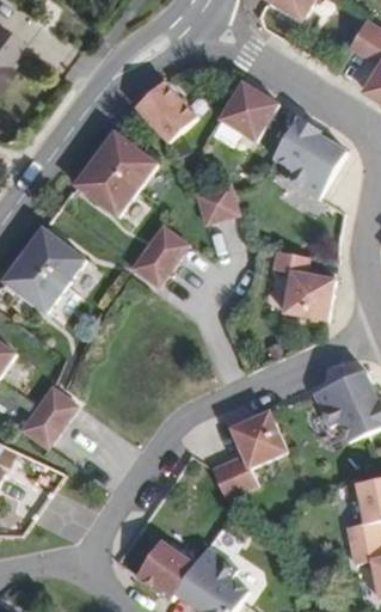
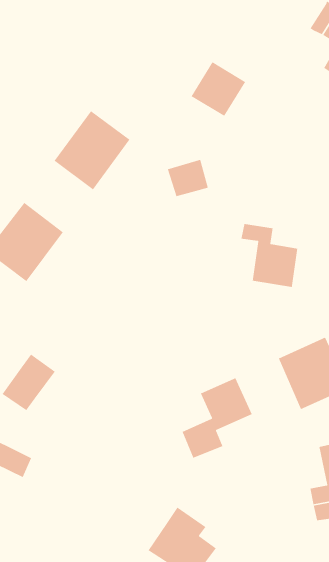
building: [136,78,197,139] -> none
building: [272,112,345,195] -> none
building: [130,225,188,286] -> none
building: [135,540,193,601] -> none

